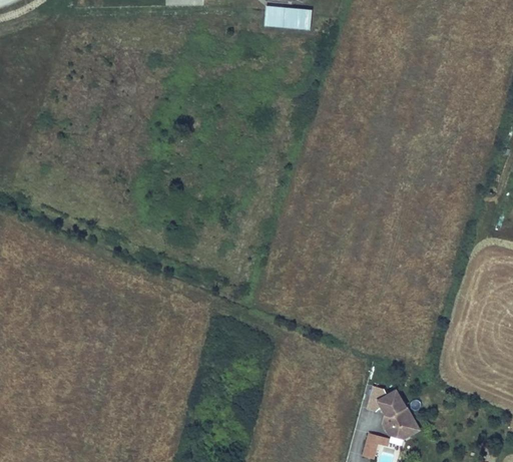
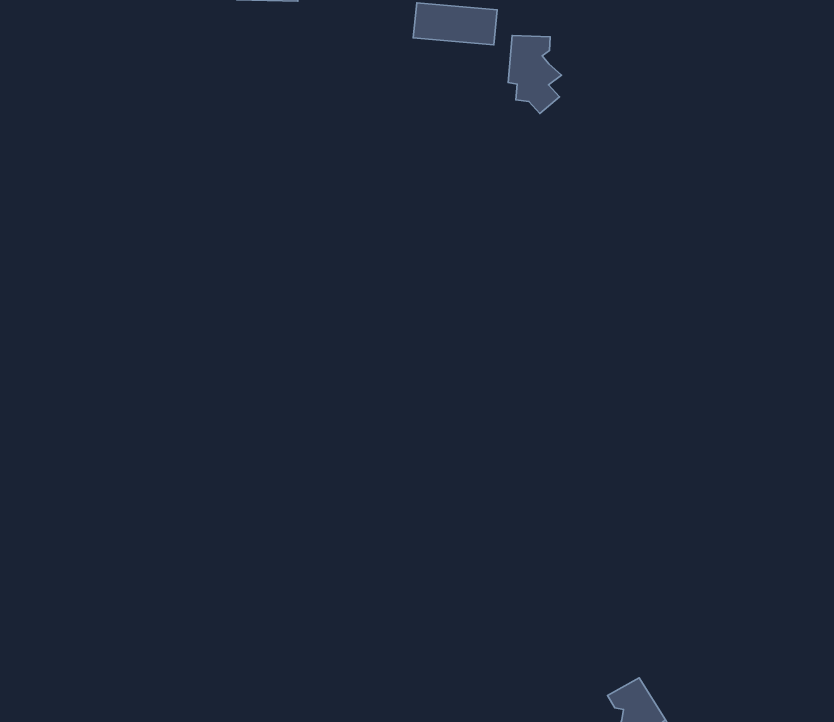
building: none -> [508,35,562,113]

